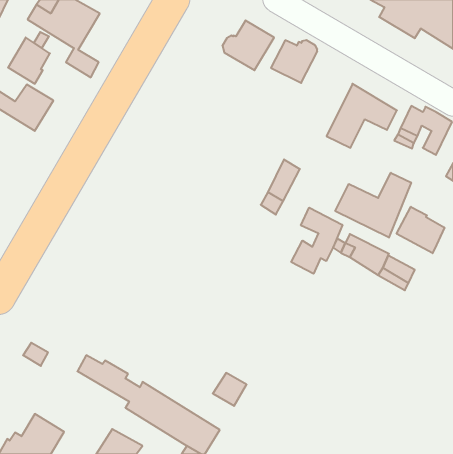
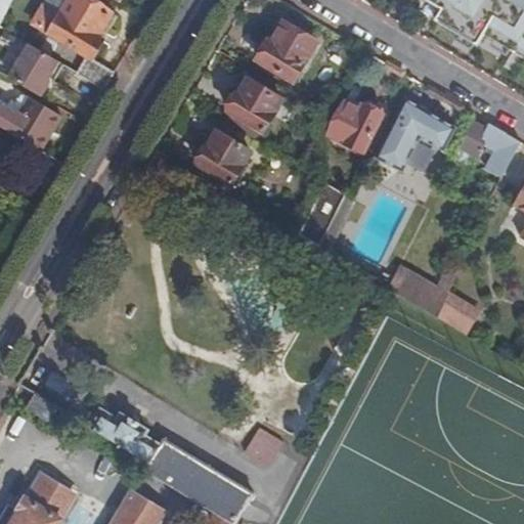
building: [271,40,317,83] -> [329,102,382,151]
building: none -> [228,78,281,131]
building: none -> [194,130,250,182]
building: [335,173,411,238] -> none
building: [397,207,444,253] -> none
building: [291,208,342,274] -> none

